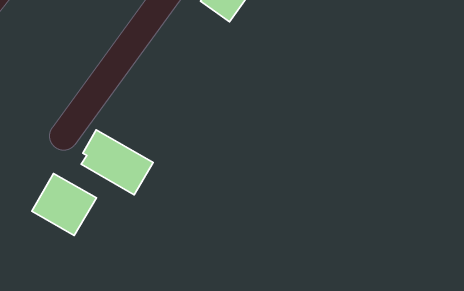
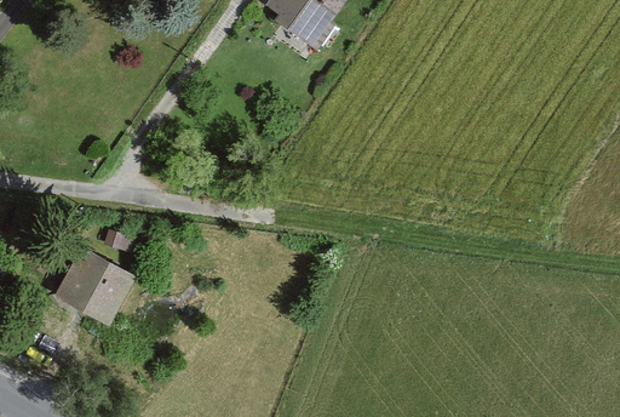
building: [81,130,153,195] -> none

